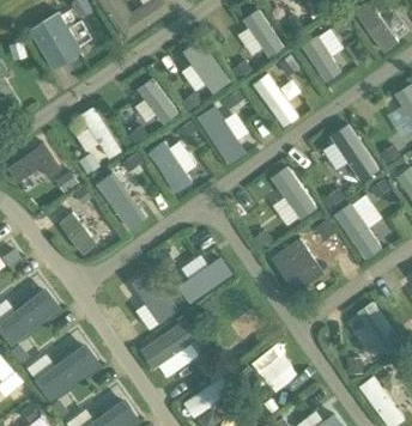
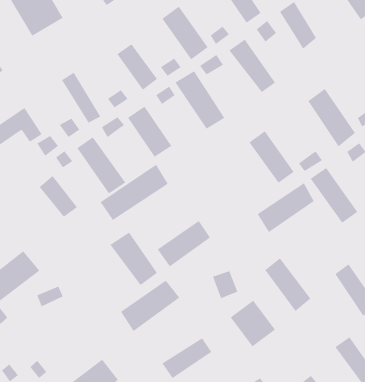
building: none -> [100,164,169,221]
building: none -> [264,258,311,312]
building: [32,343,98,403] -> none

